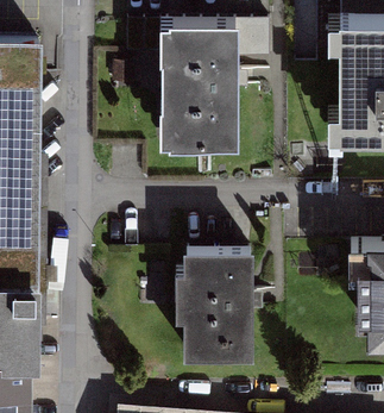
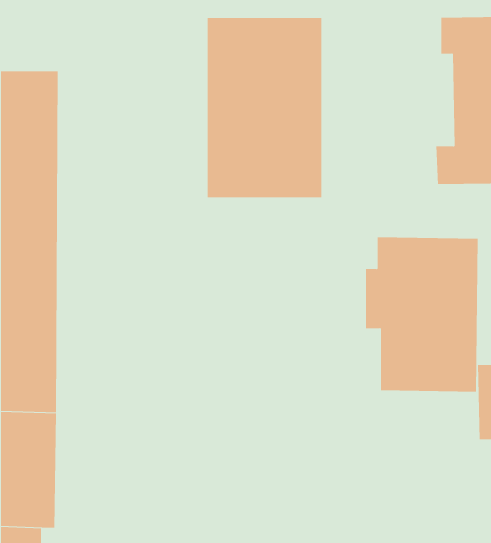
building: [171,249,252,359] -> [365,237,479,392]

